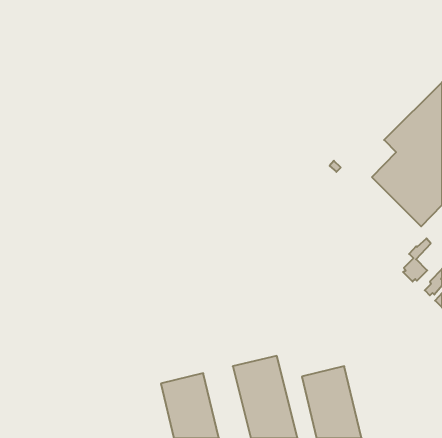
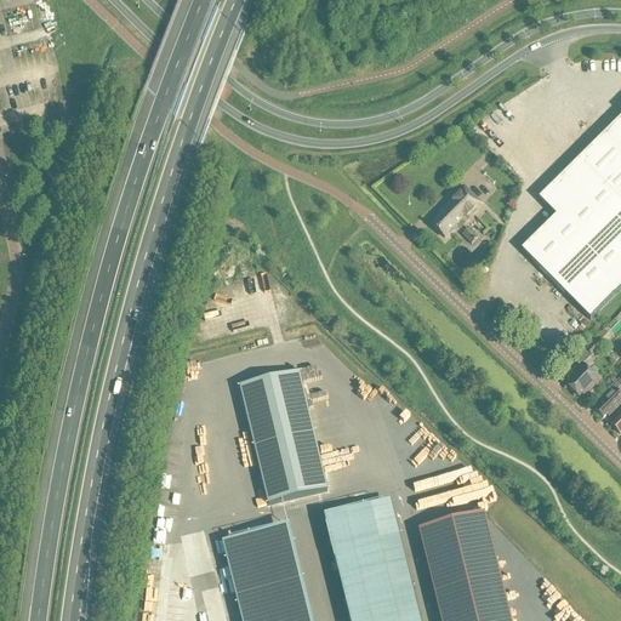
building: none -> [432,186,480,235]
building: none -> [239,370,327,503]

